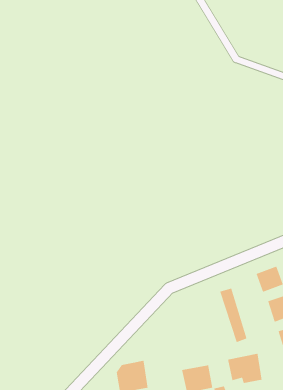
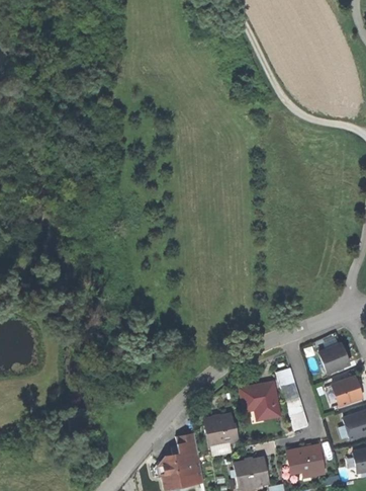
building: none -> [238,381,282,421]
building: none -> [203,411,241,448]
building: none -> [176,433,199,458]

